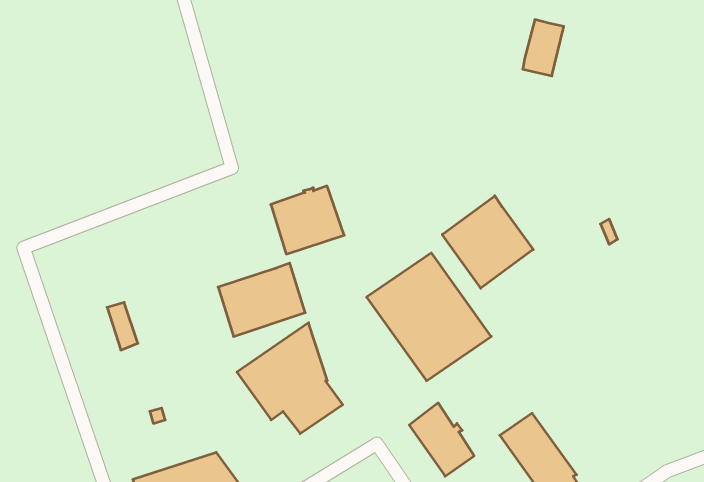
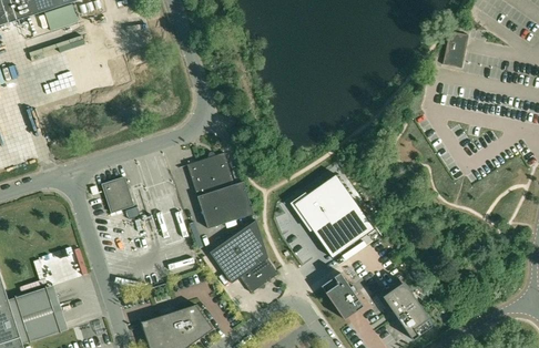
building: [523,20,564,76] -> [441,31,468,68]
building: [271,186,344,254] -> [186,152,234,196]
building: [442,196,533,288] -> none
building: none -> [101,176,133,212]

